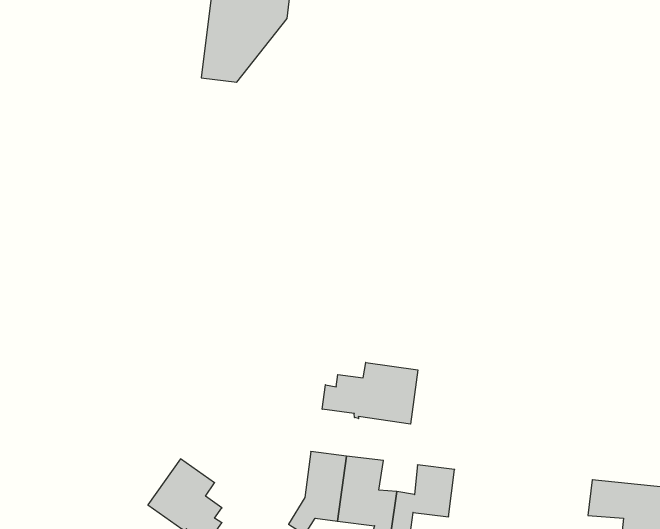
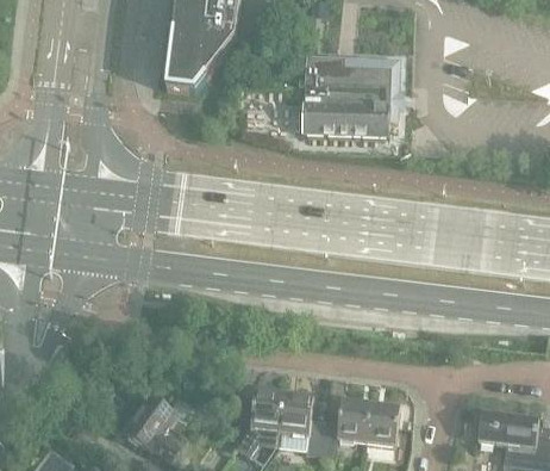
building: none -> [301,54,399,136]
building: [322,362,418,424] -> none
building: none -> [364,403,398,445]

